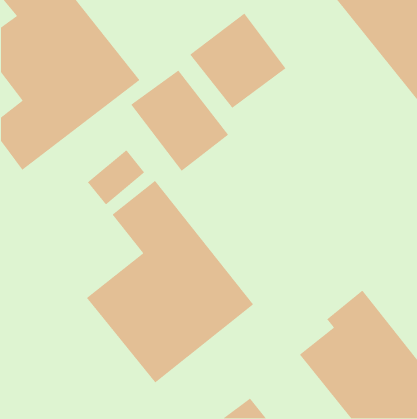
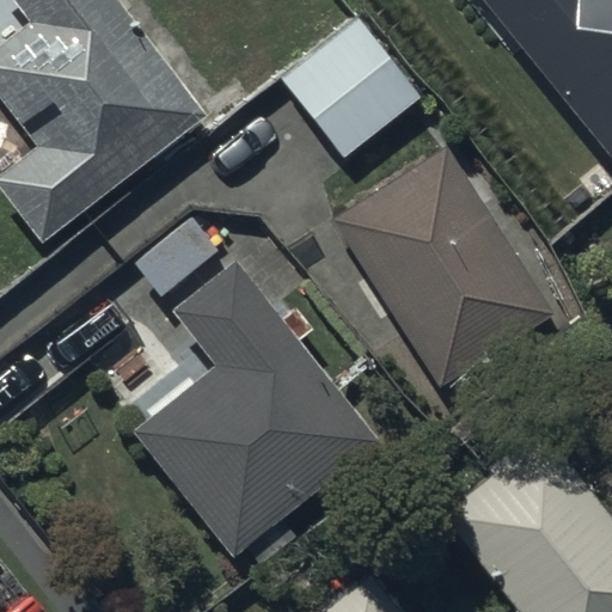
building: [130,69,229,172] -> none
building: none -> [330,143,555,386]

